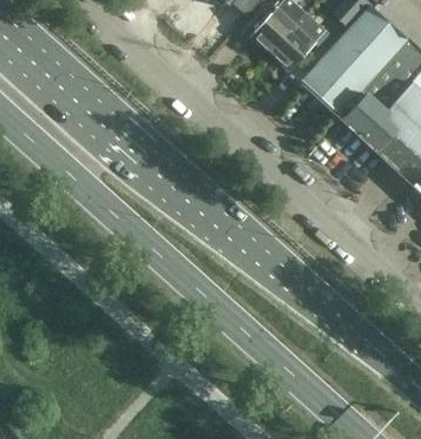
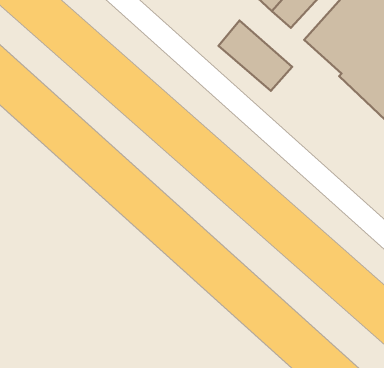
building: none -> [219,21,292,91]

